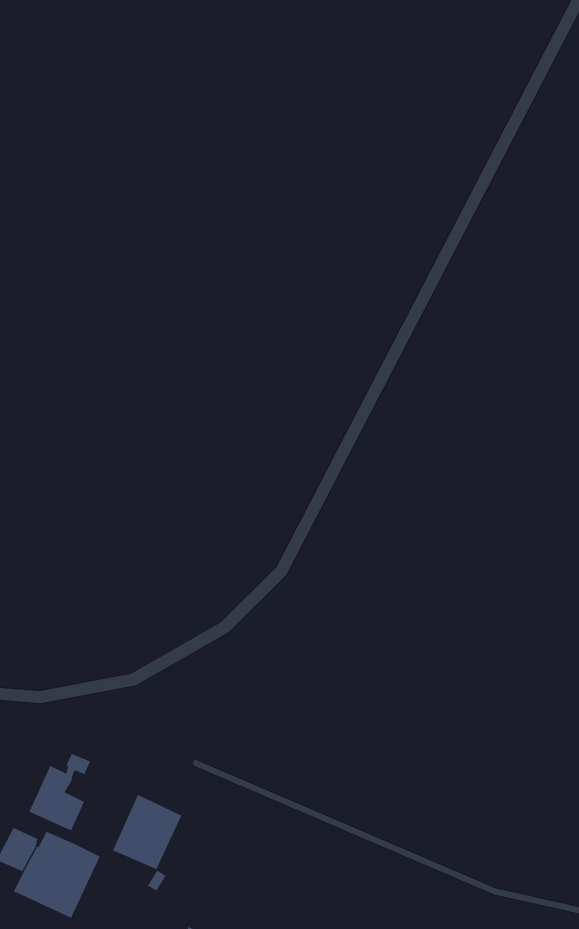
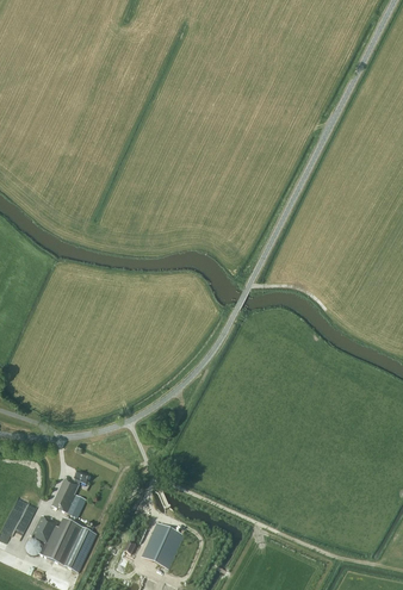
building: [112,794,182,870] -> [141,521,184,567]

